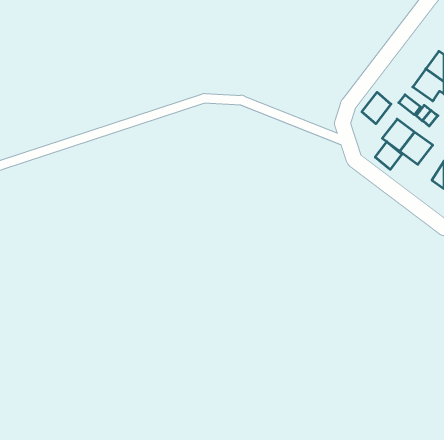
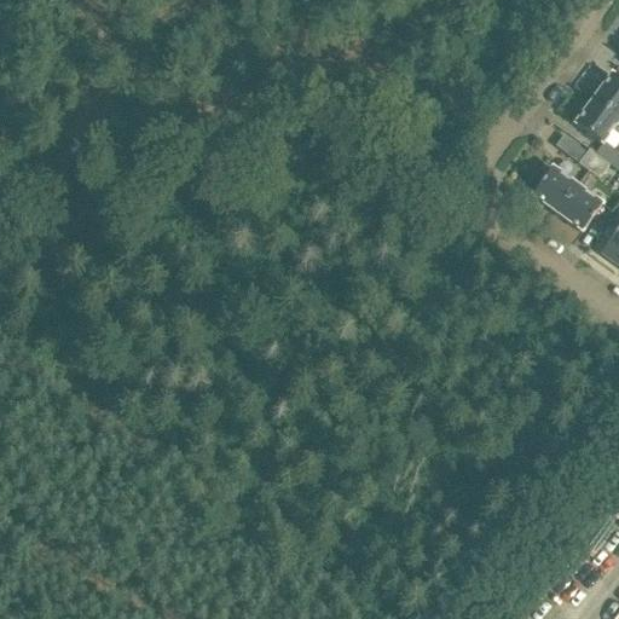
building: [362,92,391,124] -> none
building: [375,142,402,169] -> none

